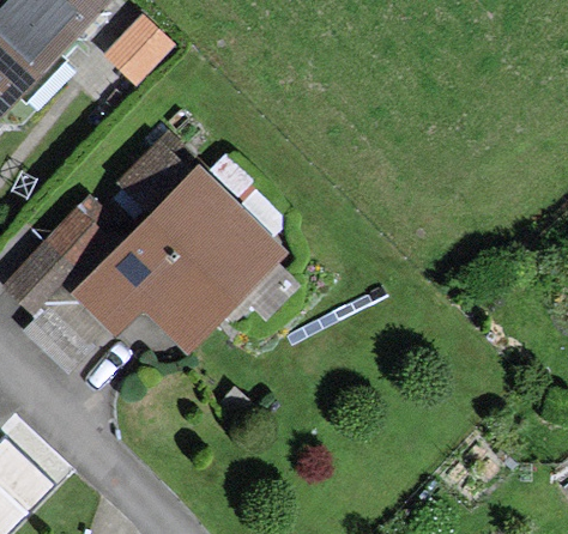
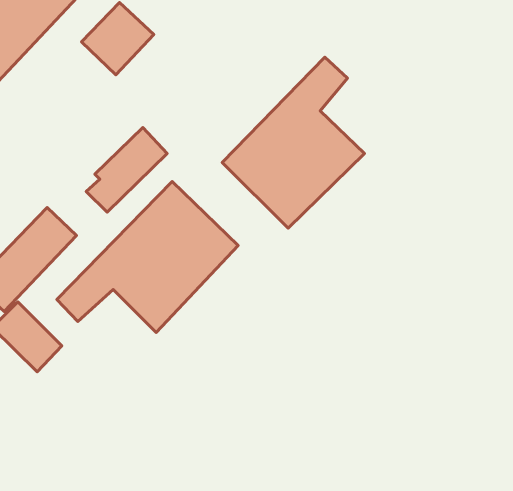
building: none -> [222,57,365,228]

